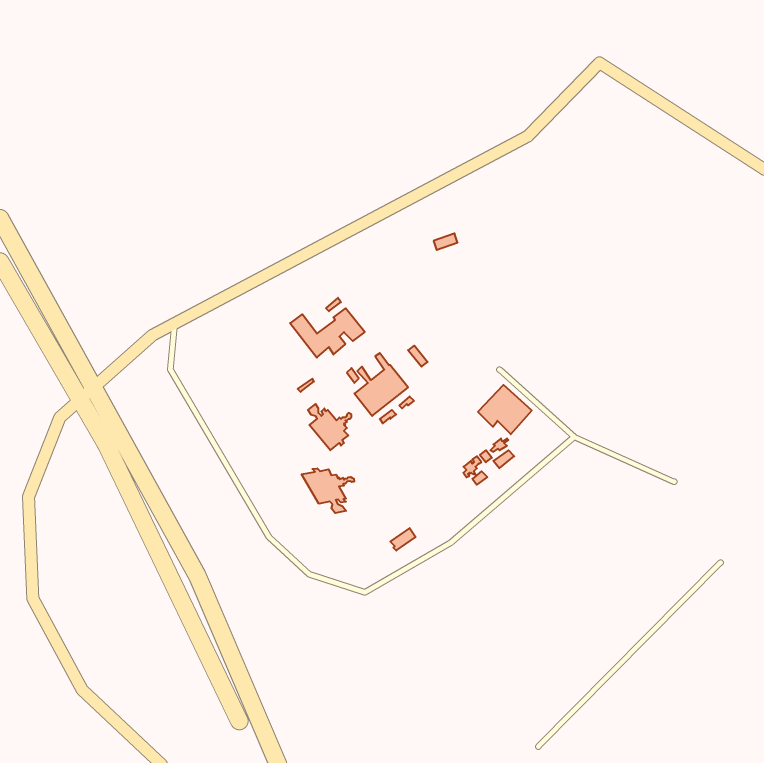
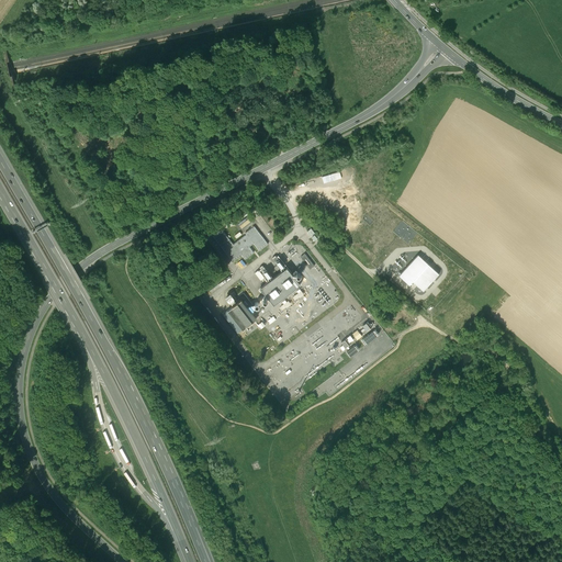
building: [478,385,532,434] -> [398,256,438,292]
building: [302,468,354,513] -> none

